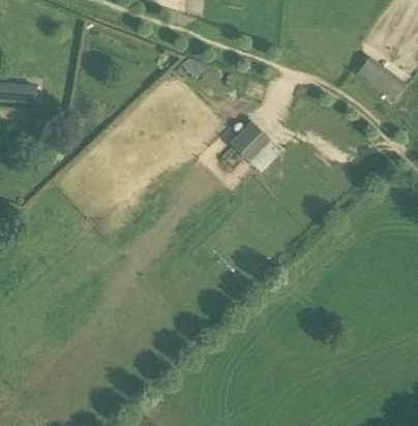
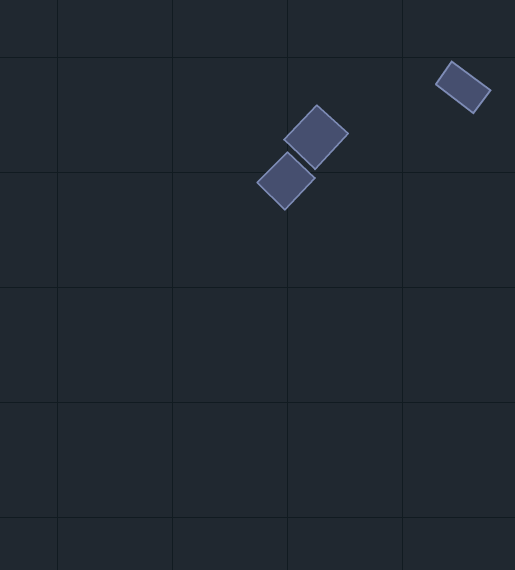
building: none -> [284,105,348,169]

